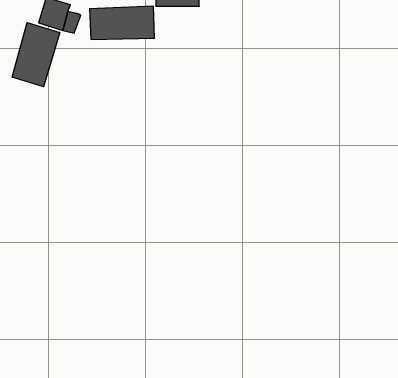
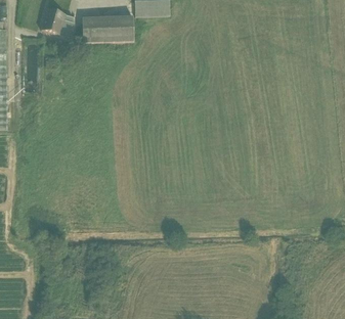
building: [12,23,60,87] -> none

